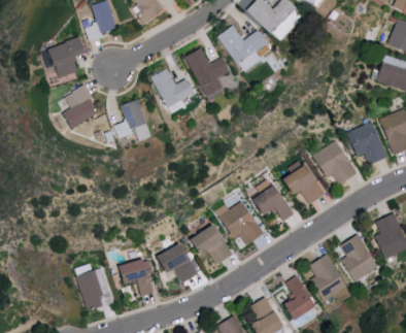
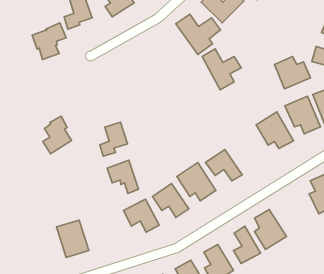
building: [184,47,231,96] -> [202,49,241,90]
building: [149,67,194,107] -> none
building: none -> [275,57,310,89]
building: [63,84,97,128] -> [43,116,72,154]
building: [113,98,146,138] -> [100,122,128,156]
building: [280,162,325,204] -> none
building: [341,235,378,280] -> none
building: [116,258,154,297] -> [107,160,138,193]

